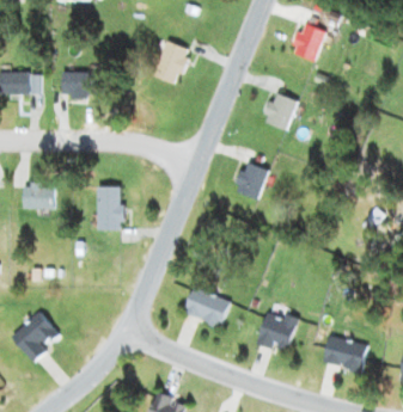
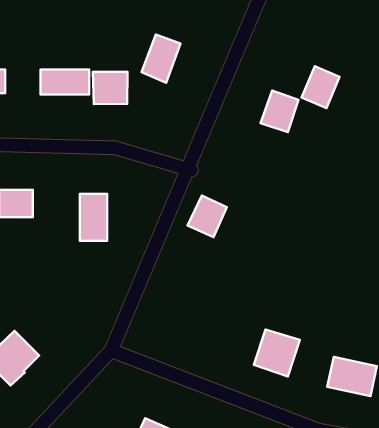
building: [291,23,325,61] -> [302,66,340,108]
building: none -> [93,72,128,104]
building: [233,161,269,199] -> [187,196,227,237]
building: [183,287,230,327] -> none

